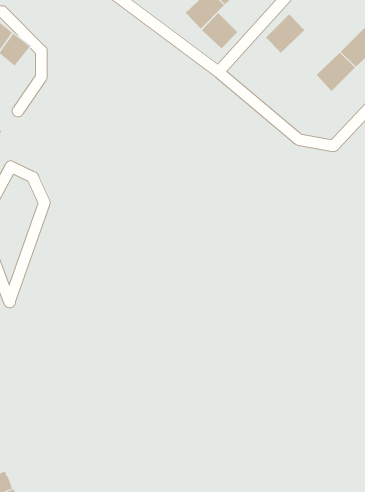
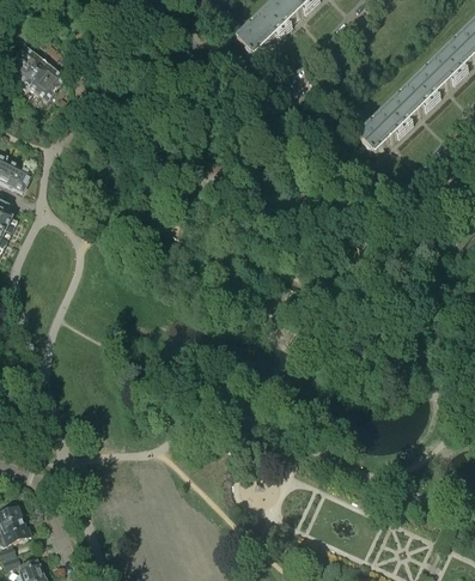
building: [201,12,238,49] -> none
building: [265,13,305,53] -> [357,104,402,150]

